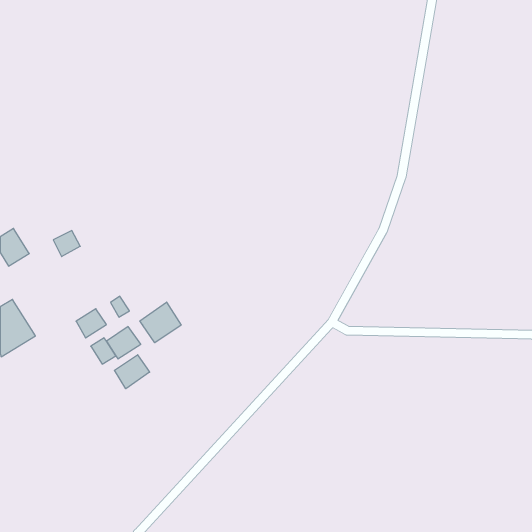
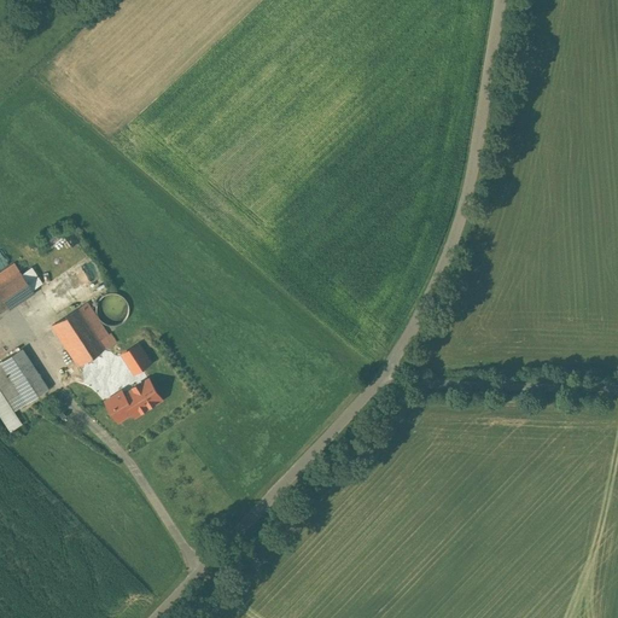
building: none -> [46,302,109,366]
building: [140,302,181,343] -> none
building: [114,355,150,389] -> none

